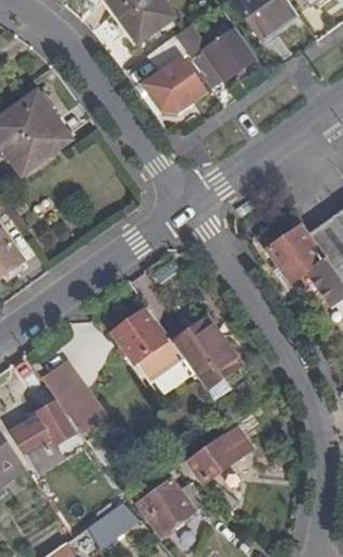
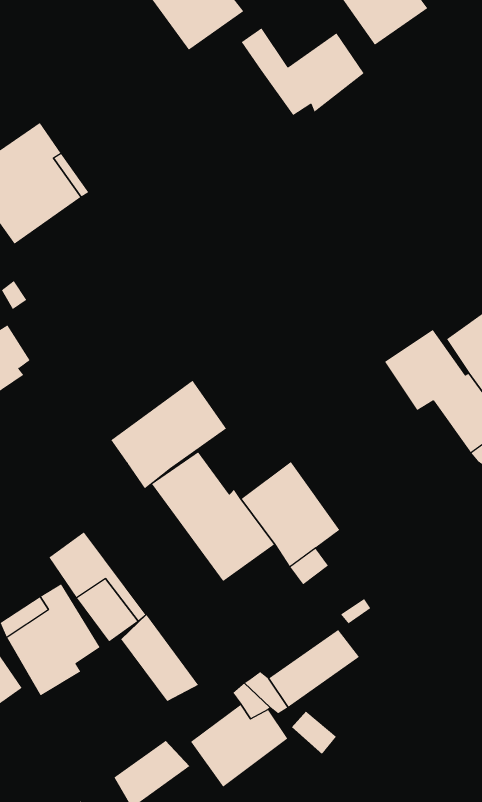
building: [143,36,203,112] -> none
building: none -> [110,380,227,489]
building: none -> [120,614,199,702]

